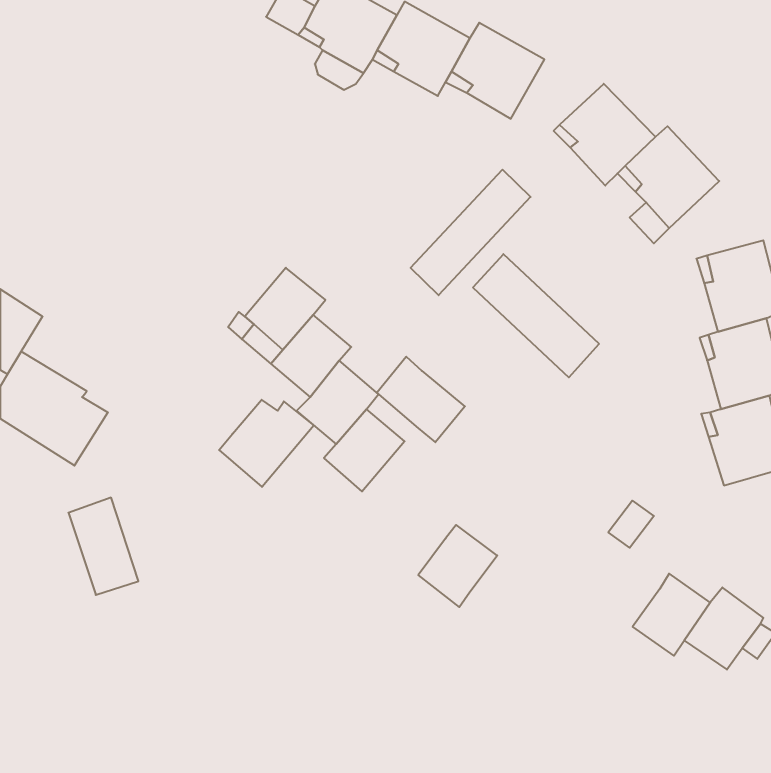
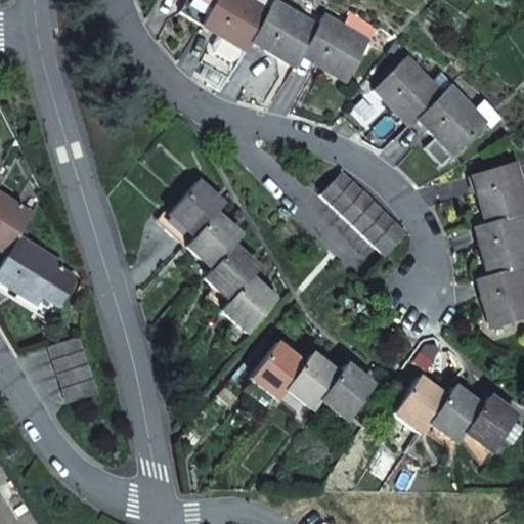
building: [411,170,531,295] -> none
building: [377,357,465,442] -> none
building: [219,400,314,487] -> none
building: none -> [251,342,304,397]
building: none -> [320,362,375,420]
building: none -> [394,377,448,433]

